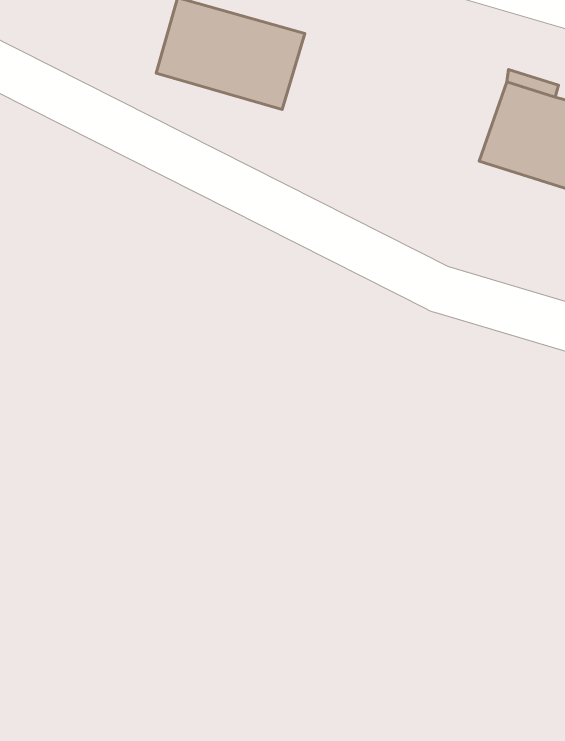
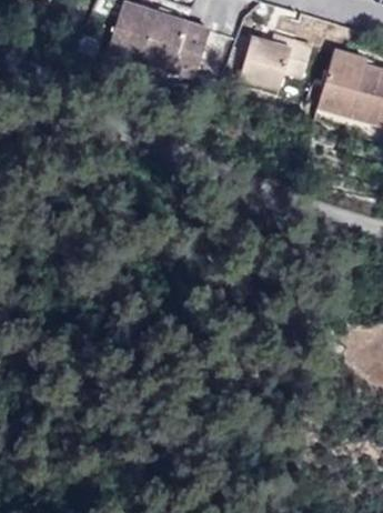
building: none -> [243,32,315,88]

